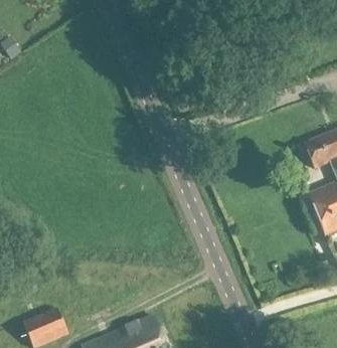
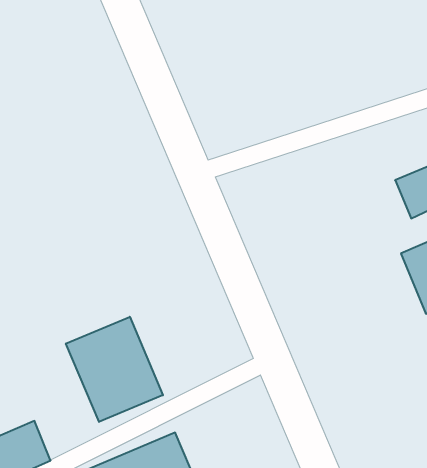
building: none -> [66,317,163,422]

